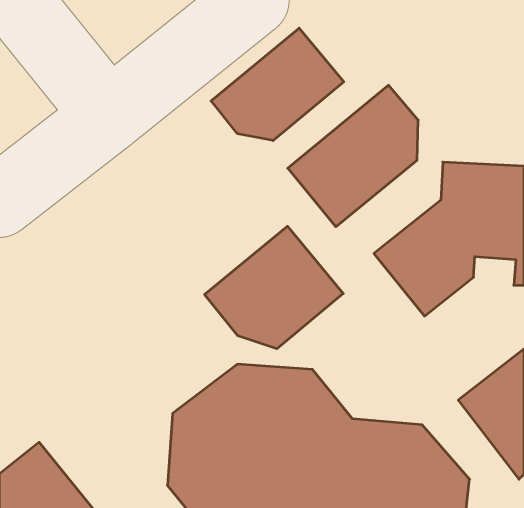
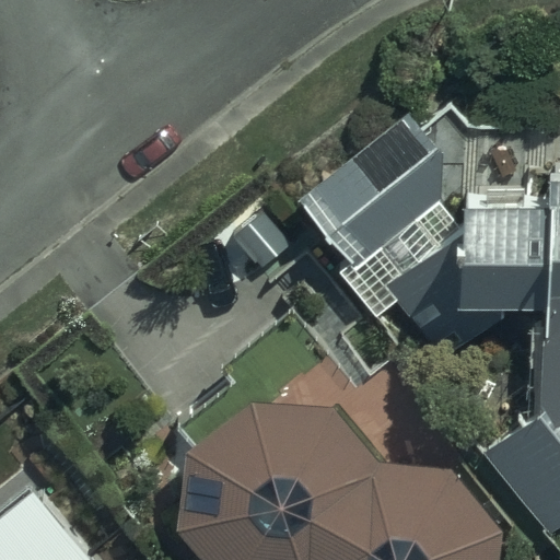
building: [211,28,344,141] -> none
building: [205,226,343,349] -> none

